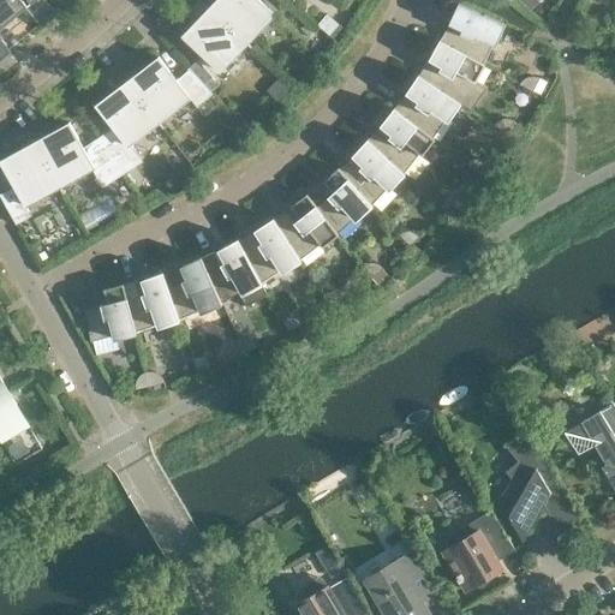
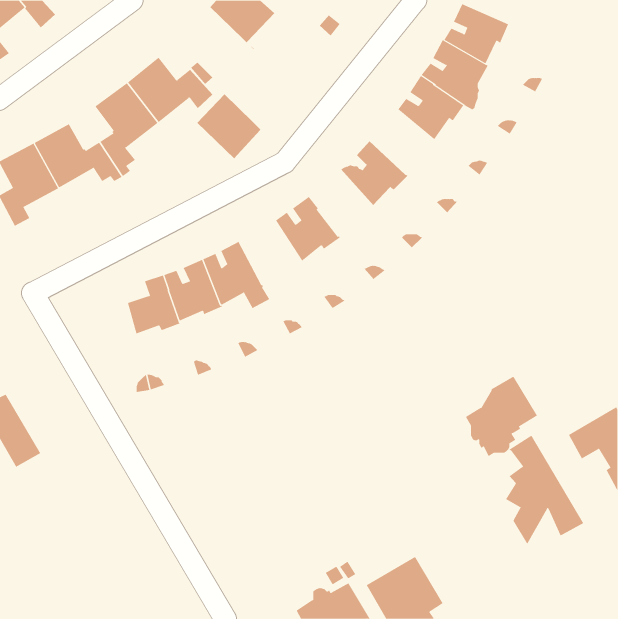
building: [180,7,251,72] -> [197,94,268,159]
building: [366,108,434,173] -> none
building: [315,168,372,234] -> none
building: [237,219,300,282] -> none
building: [84,285,136,342] -> none
building: [442,510,514,591] -> [465,376,538,457]

